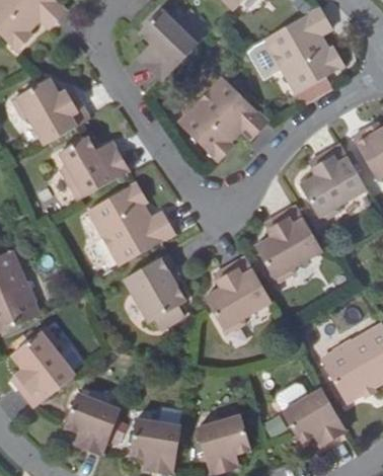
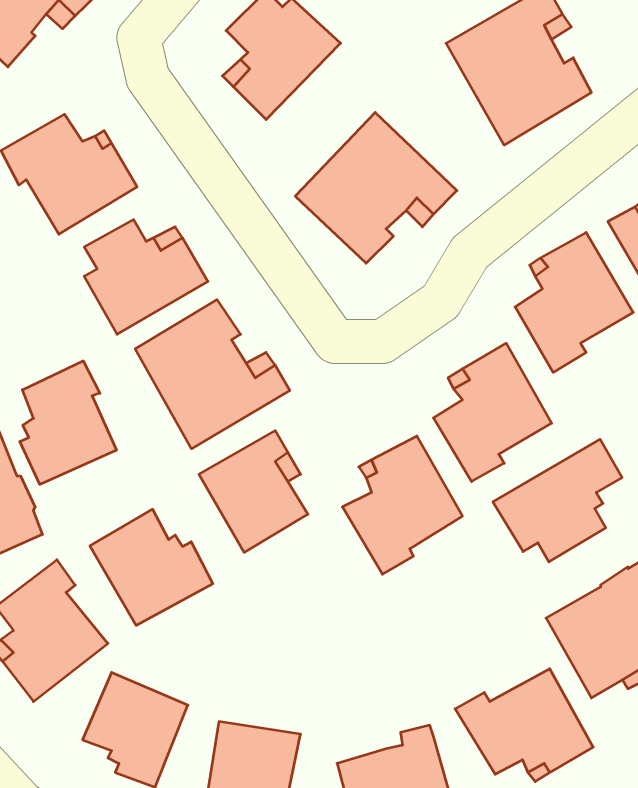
building: none -> [20,361,116,484]
building: none -> [493,439,622,562]
building: none -> [90,509,213,625]

